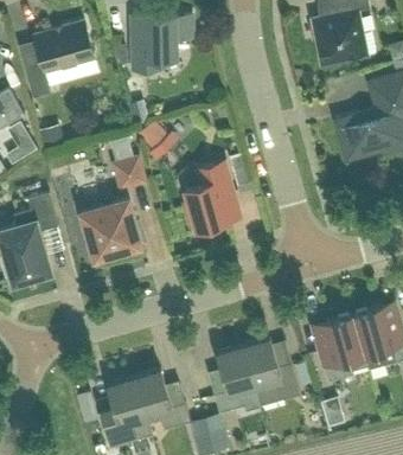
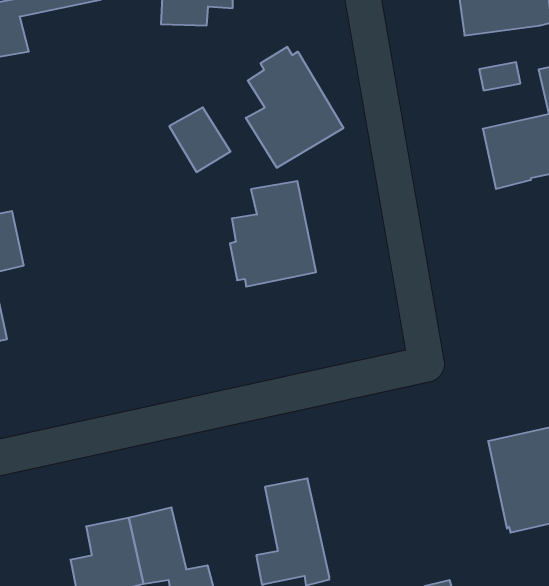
building: none -> [246,47,343,168]
building: [111,154,148,191] -> none
building: [81,198,142,259] -> none
building: [312,315,369,383] -> none
building: [243,338,301,406] -> none

